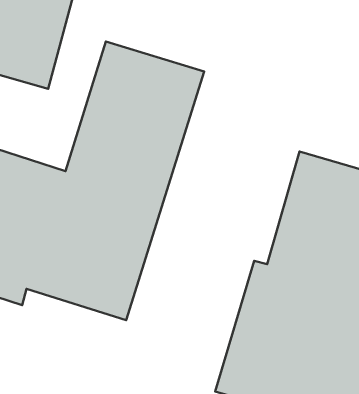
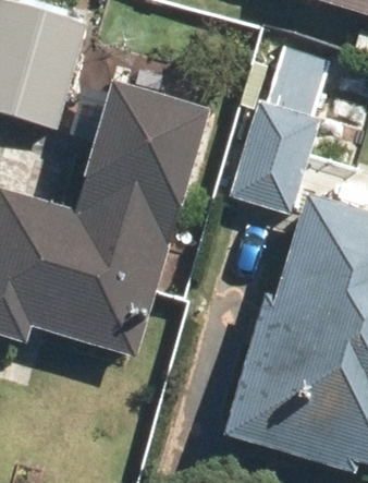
building: none -> [226,96,322,214]

